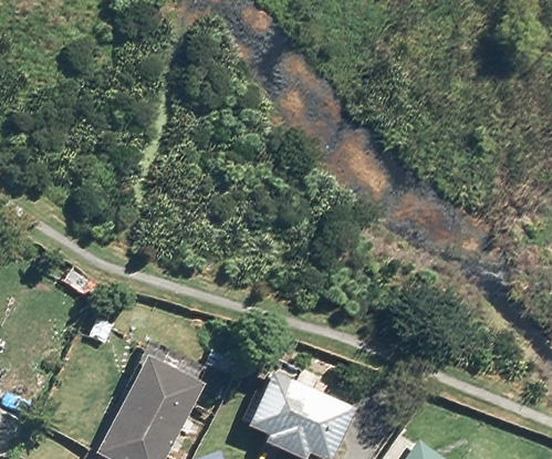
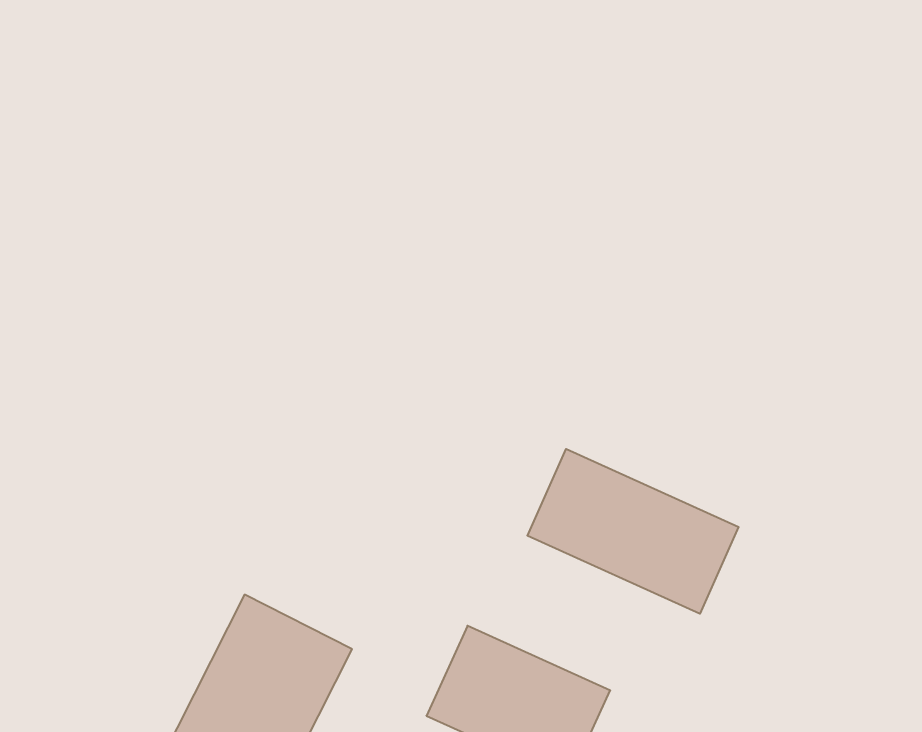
building: none -> [527,449,739,614]

